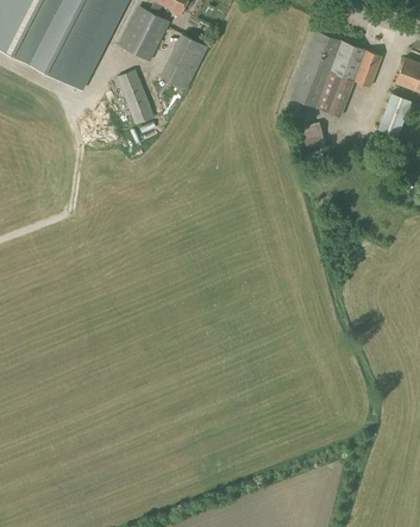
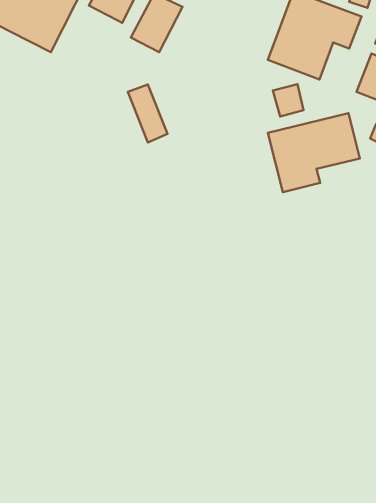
building: [115,69,153,125] -> [128,85,167,142]
building: none -> [268,113,360,192]

